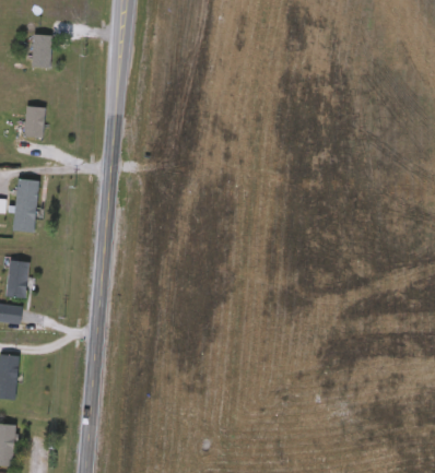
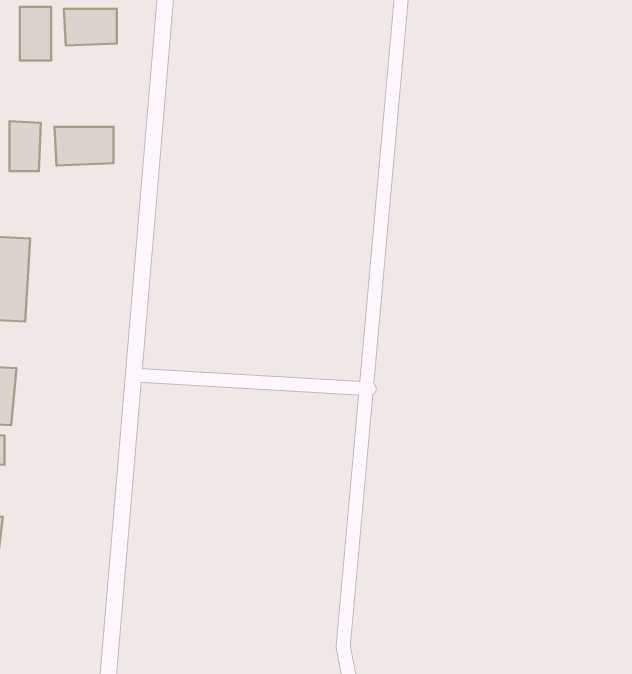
building: none -> [64,9,117,45]
building: none -> [54,127,113,165]

